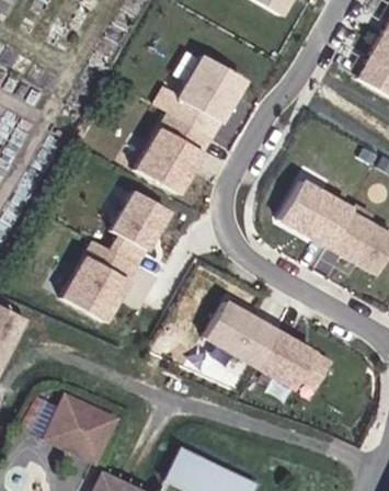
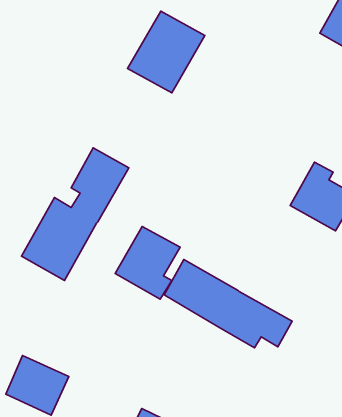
building: [136,112,211,194] -> none
building: [278,181,350,248] -> none
building: none -> [115,227,180,299]

